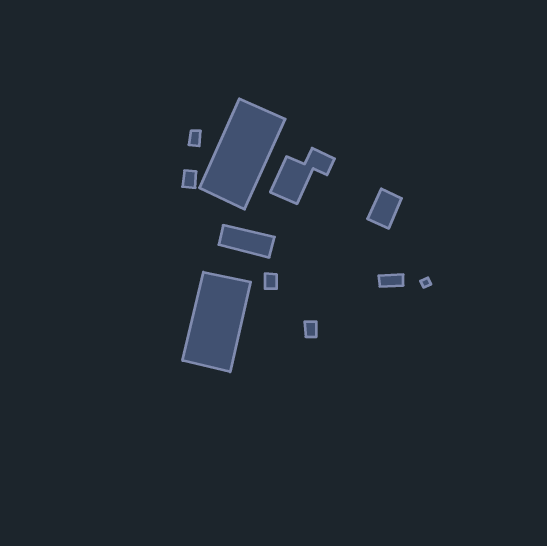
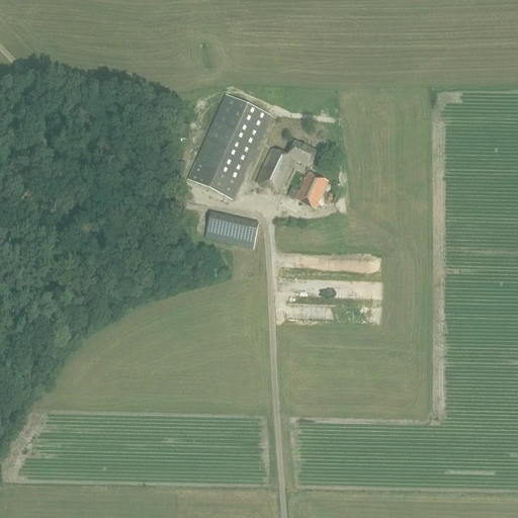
building: [367,189,402,228] -> [294,171,327,208]
building: [183,272,251,372] -> none

